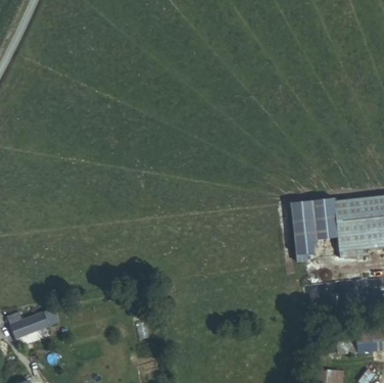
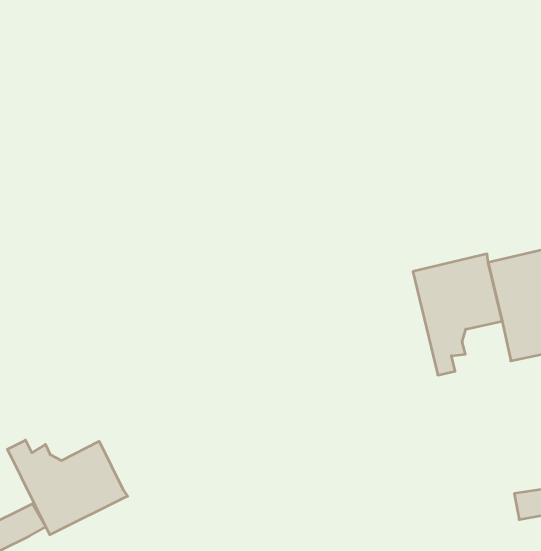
building: none -> [7,440,128,535]

